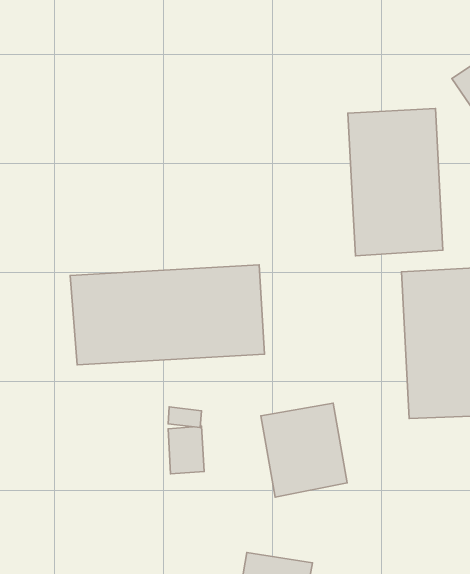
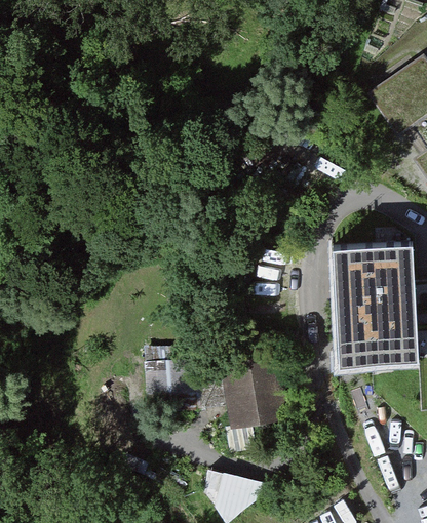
building: [348,108,443,256] -> none
building: [70,265,264,365] -> none

